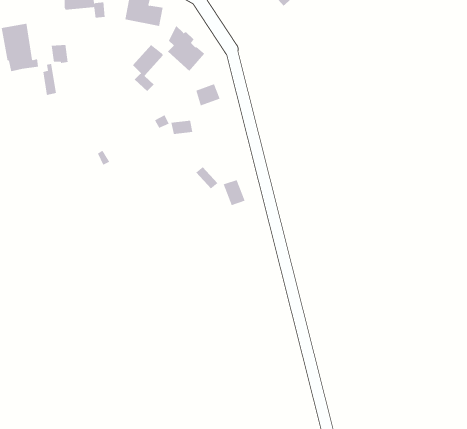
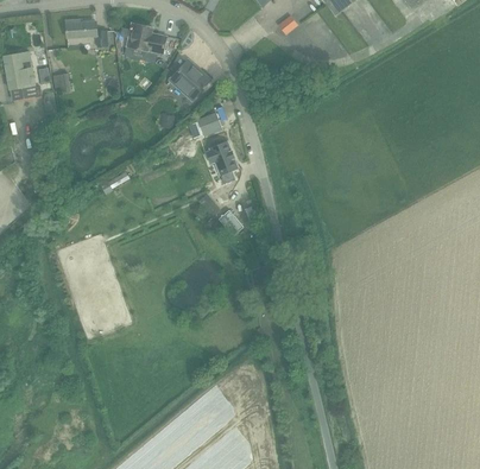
building: [132,44,164,92] -> none
building: none -> [206,140,236,182]

